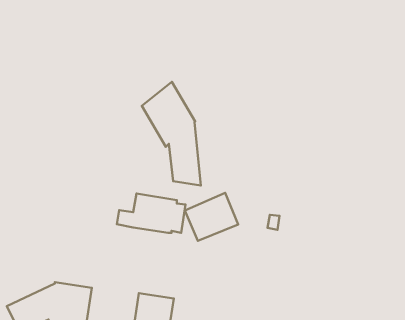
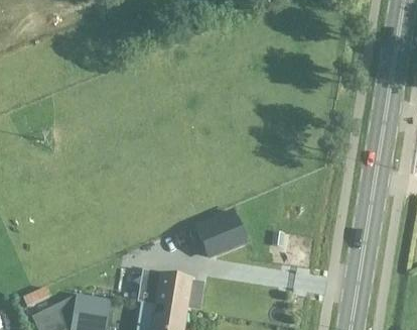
building: [142,82,201,186] -> none
building: [117,194,186,233] -> [138,271,201,308]

